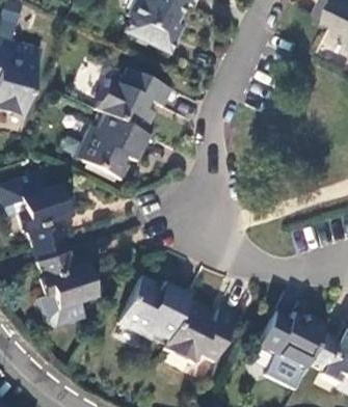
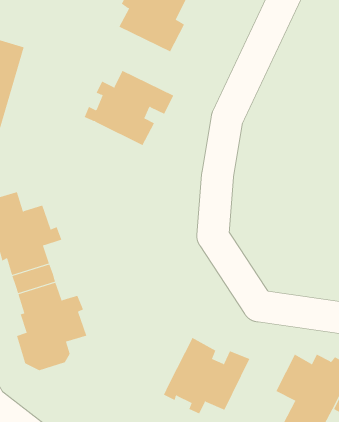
building: [73,113,153,181] -> none
building: [117,276,189,340] -> none

